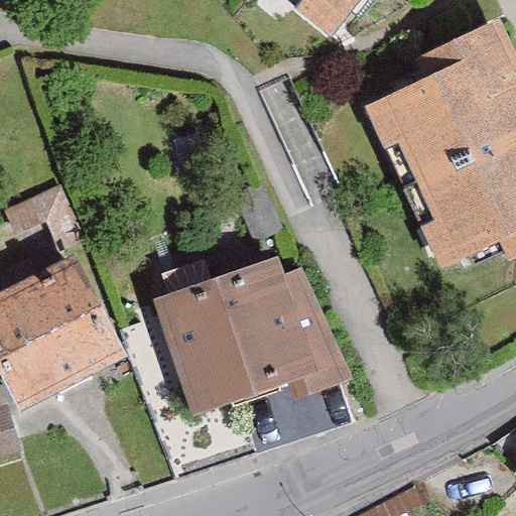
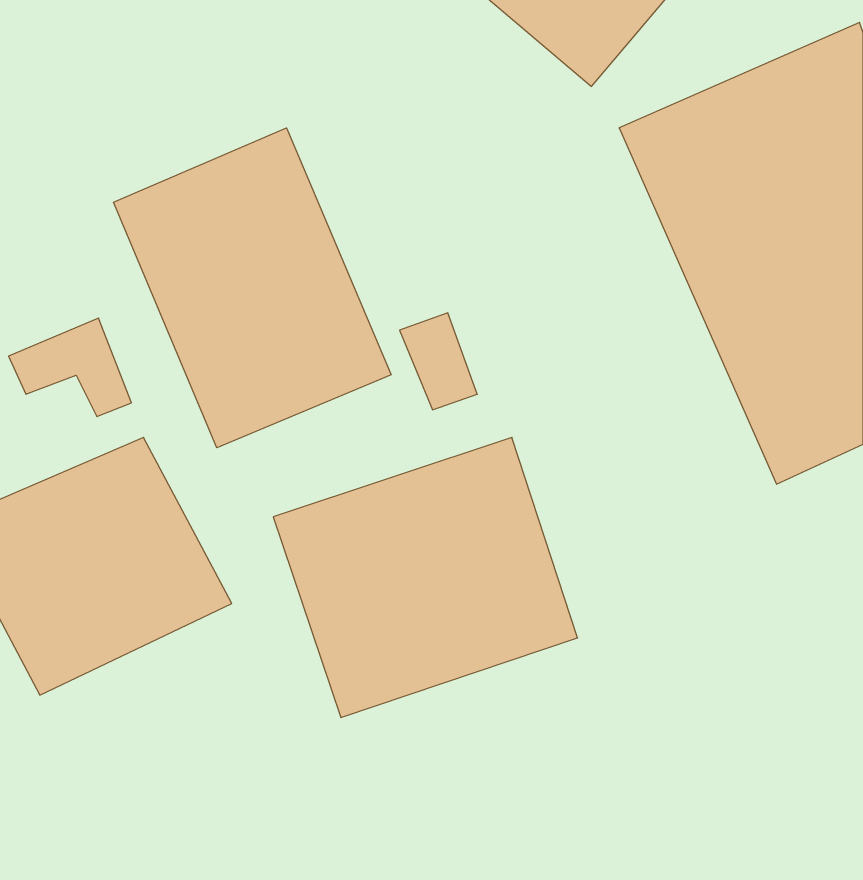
building: none -> [114,128,391,448]

